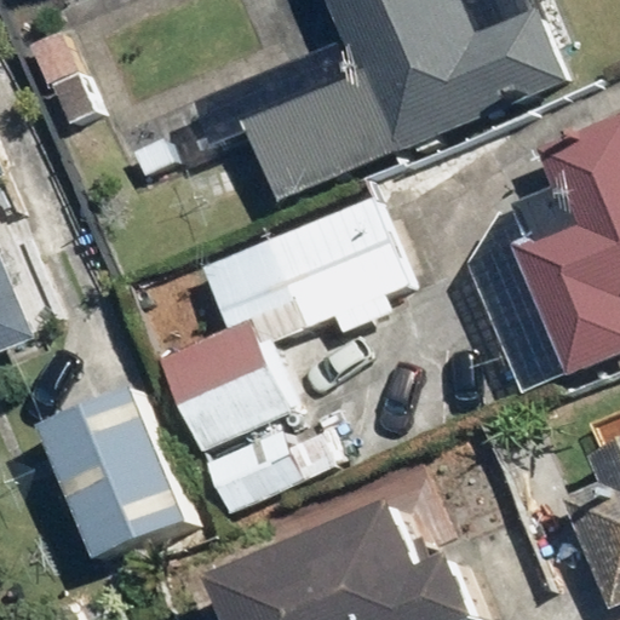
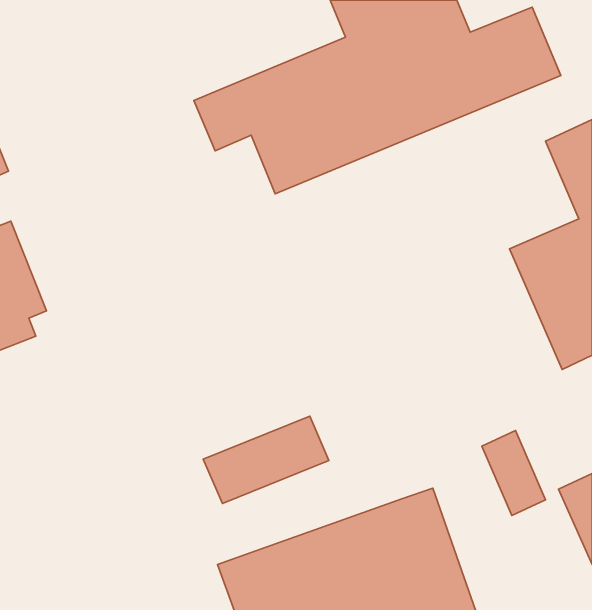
building: [161,197,409,452] -> none
building: [38,389,189,559] -> none

